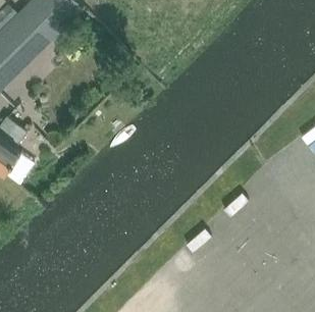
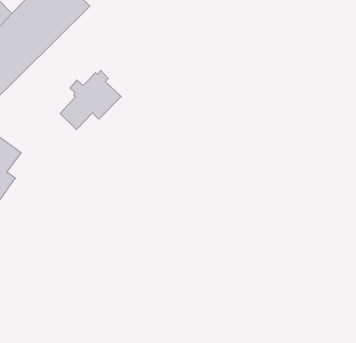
building: none -> [60,70,121,130]

